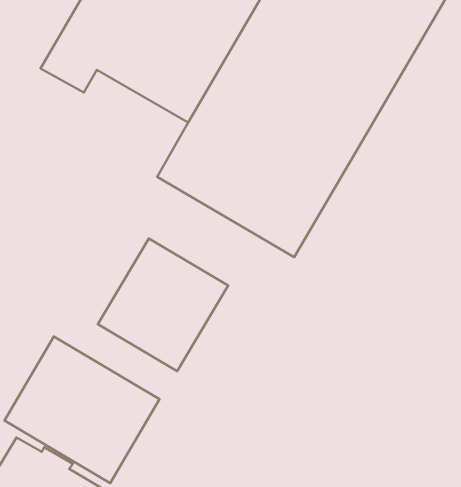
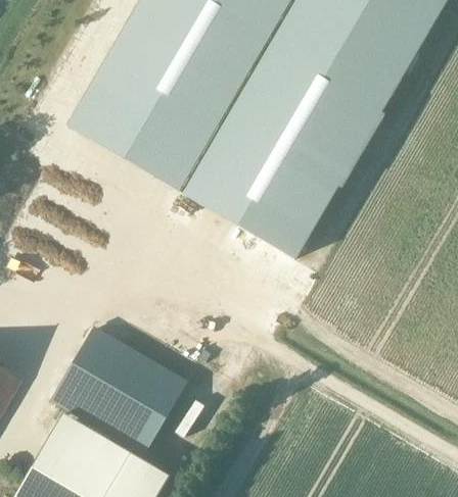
building: none -> [66,100,208,192]
building: [98,239,228,371] -> none

